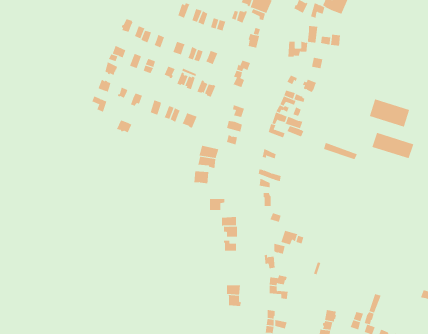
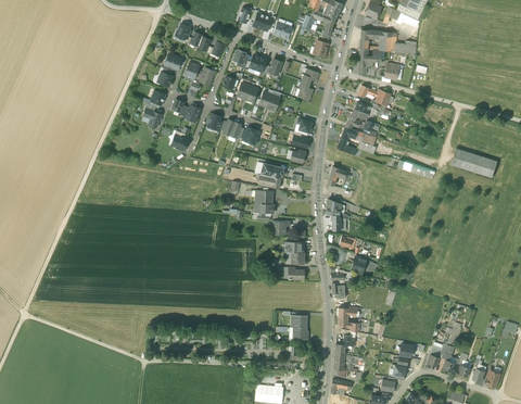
building: [369,98,410,127] -> none

